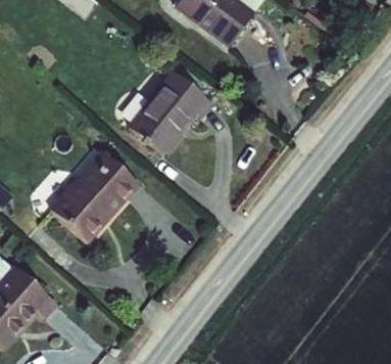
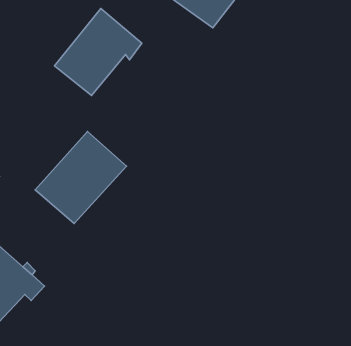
building: [126,67,212,154] -> [55,8,142,96]

